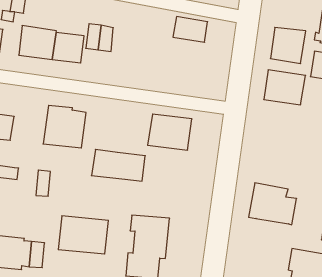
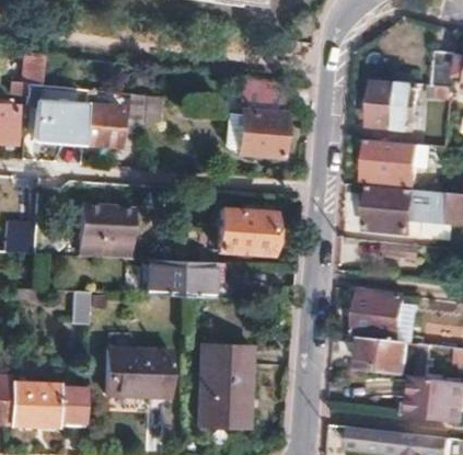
building: none -> [239,109,286,155]
building: none -> [367,184,432,231]
building: none -> [362,338,409,374]

